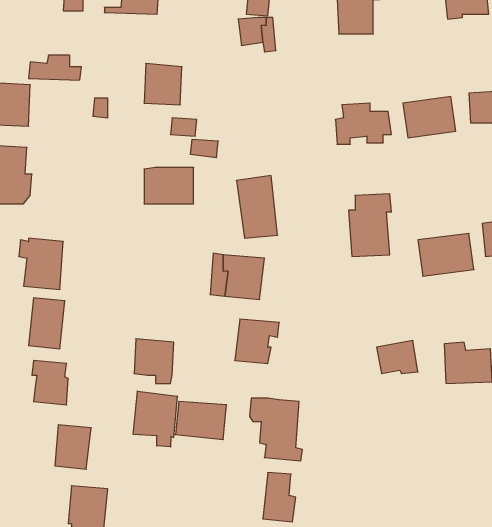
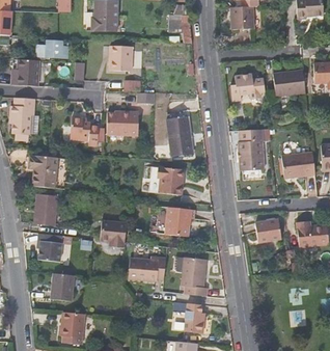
building: none -> [83,14,116,30]
building: none -> [72,118,98,144]
building: [133,391,177,447] -> none

